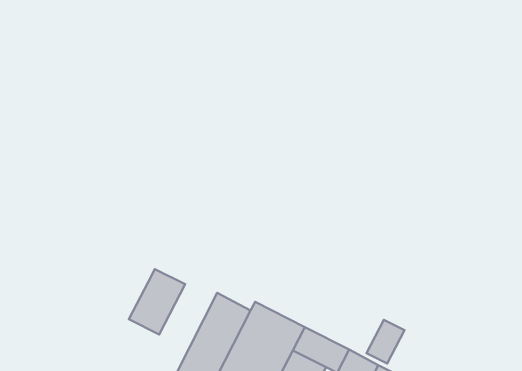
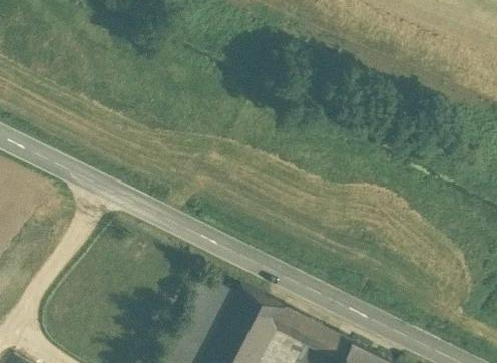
building: [129,269,185,334] -> none
building: [366,320,404,364] -> none

